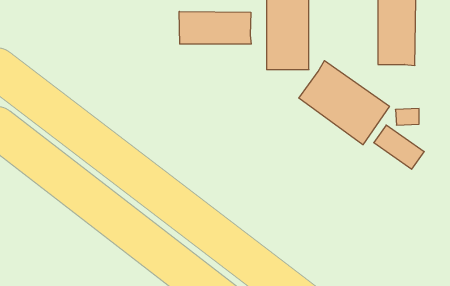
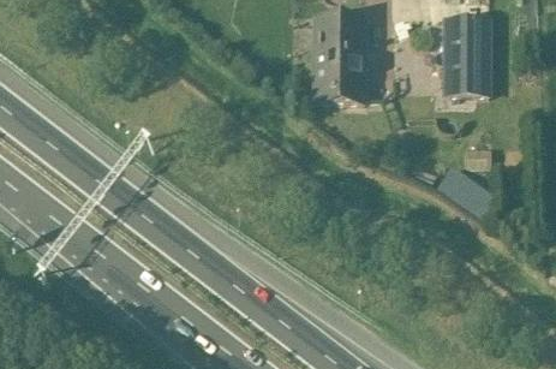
building: [179,11,251,44] -> none
building: [299,61,389,145] -> none

